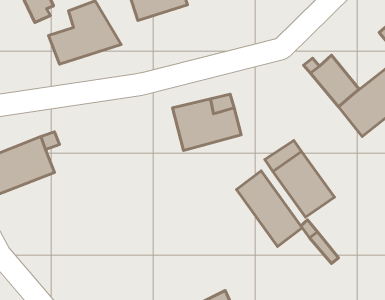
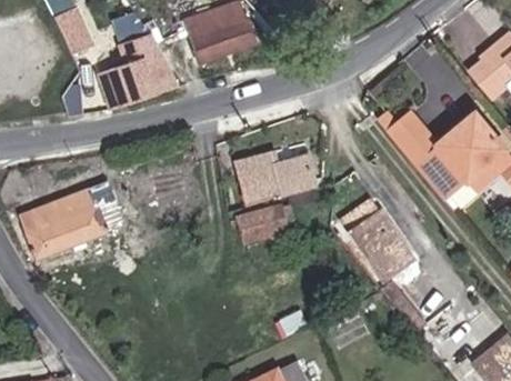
building: none -> [238,208,287,245]
building: [236,171,302,247] -> none

